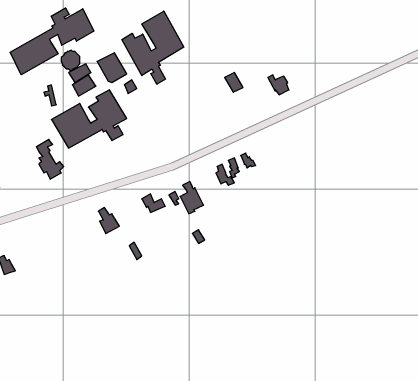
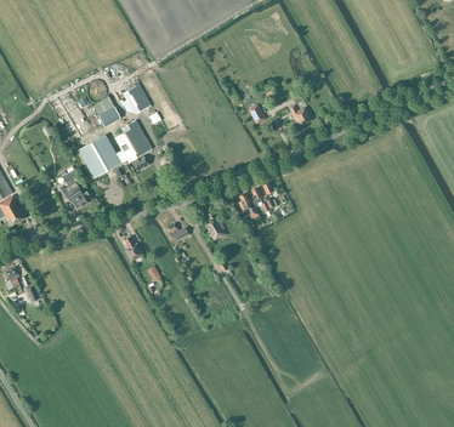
building: [10,8,94,75] -> none
building: [122,11,184,84] -> none

